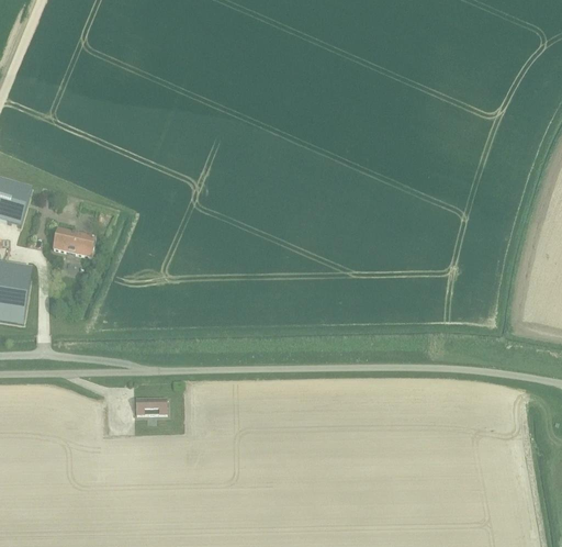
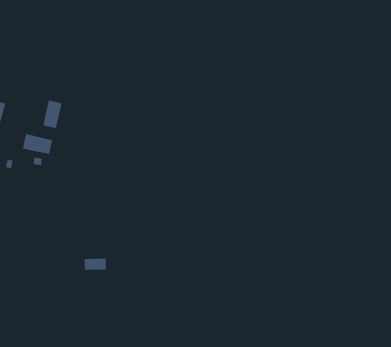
building: none -> [43,100,62,129]

